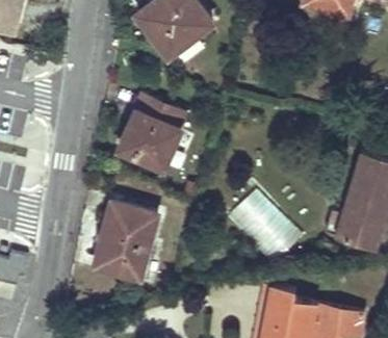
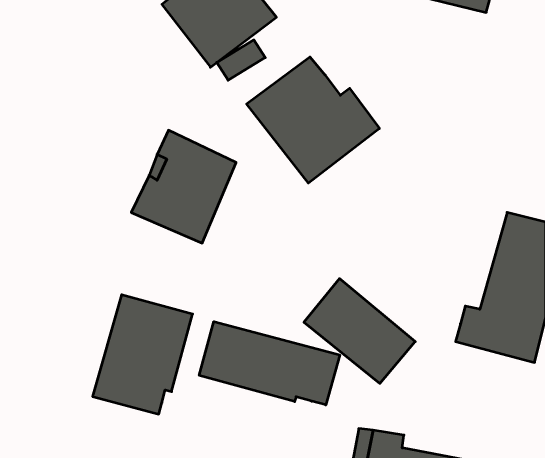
building: none -> [247,57,379,183]
building: none -> [199,322,340,405]

